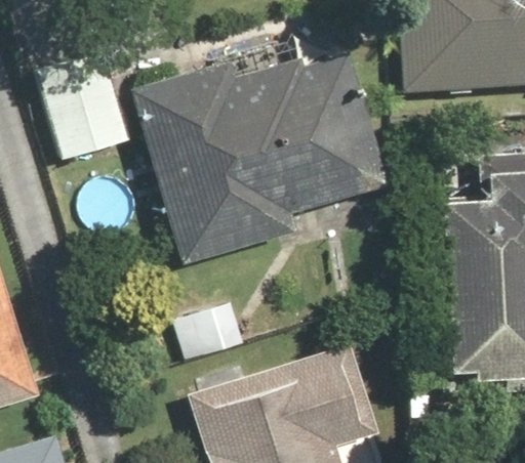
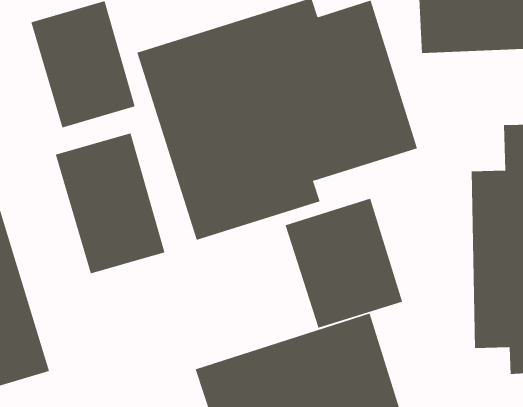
building: none -> [55,132,165,274]
building: none -> [285,198,403,328]

